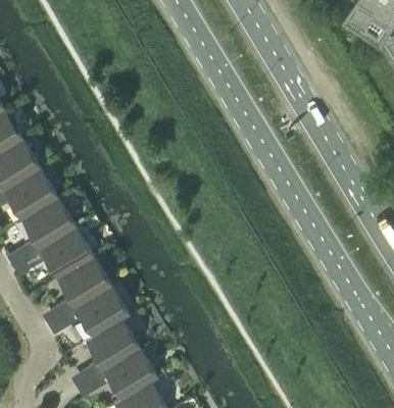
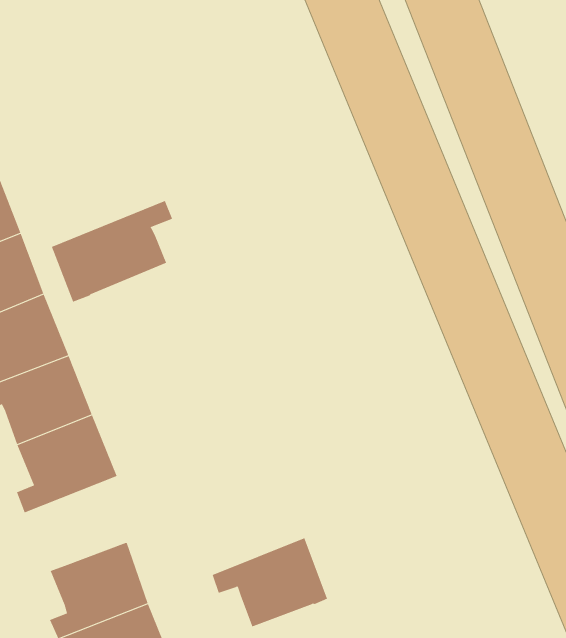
building: none -> [51,200,173,302]
building: [65,288,128,339] -> [212,538,328,627]

